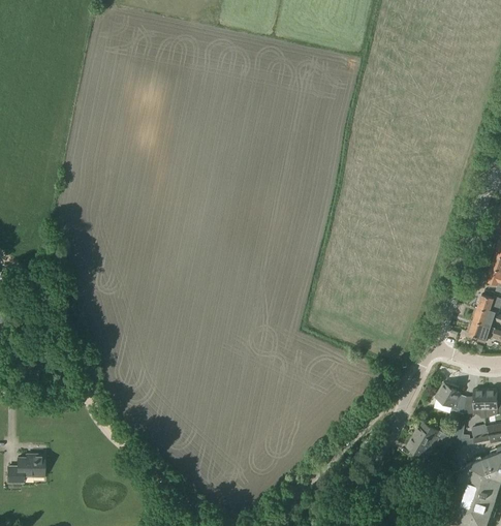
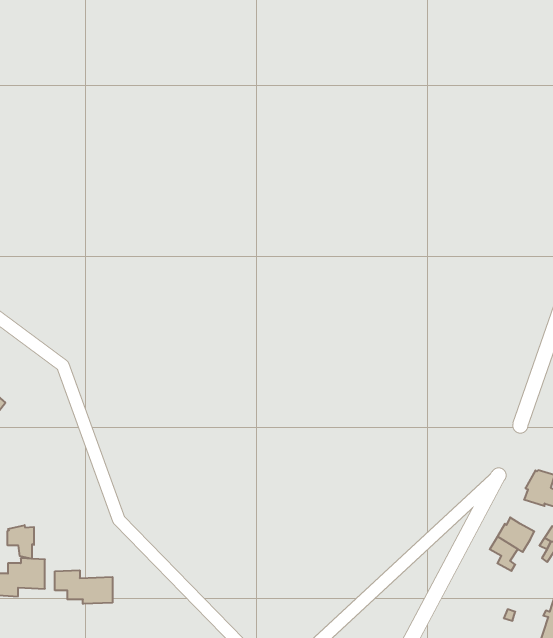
building: none -> [8,525,34,559]
building: none -> [55,570,112,604]

